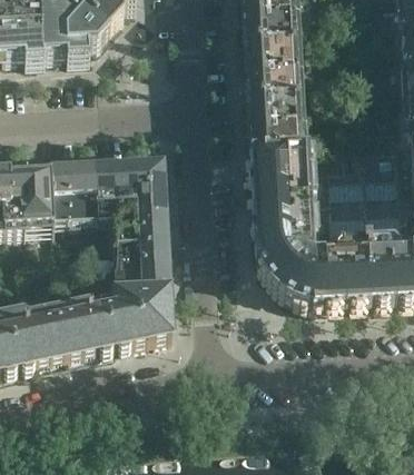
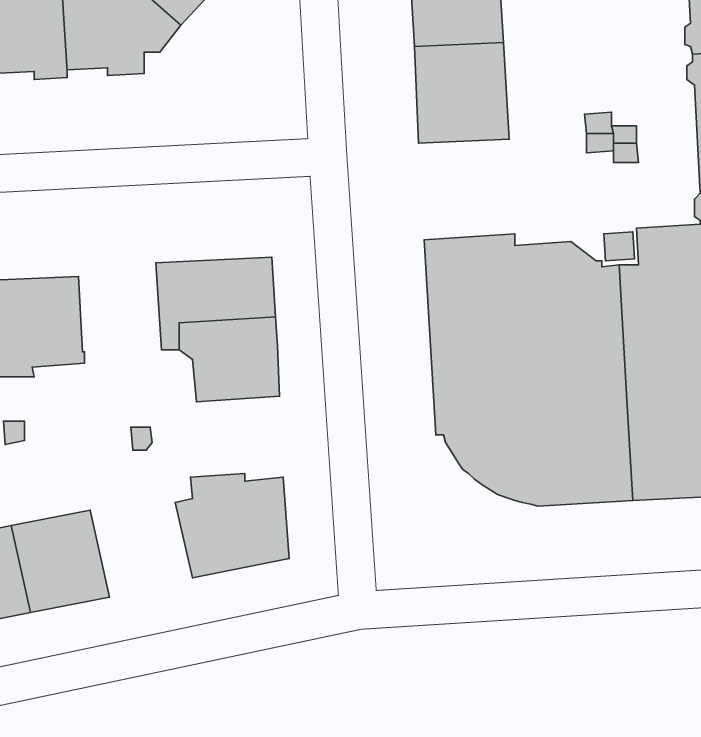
building: [248,92,307,150] -> none
building: [51,164,100,219] -> none
building: [116,240,170,289] -> none
building: [59,301,118,356] -> none

